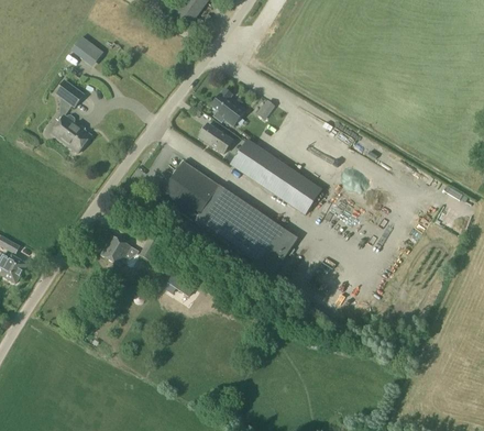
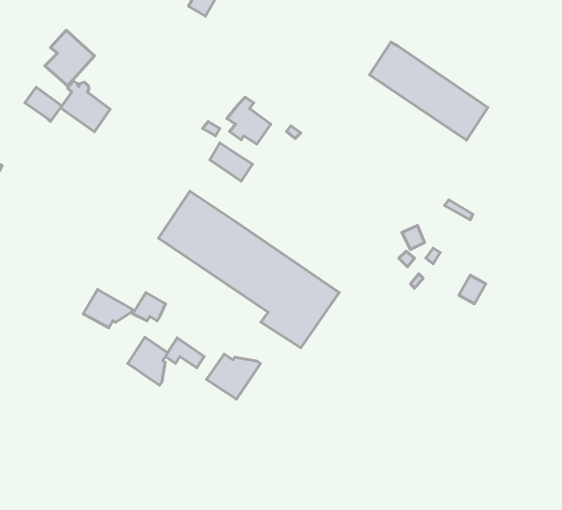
building: [50,112,88,152] -> [60,81,110,132]
building: [229,137,320,213] -> [370,42,488,140]
building: none -> [128,337,168,385]
building: none -> [207,354,261,399]

